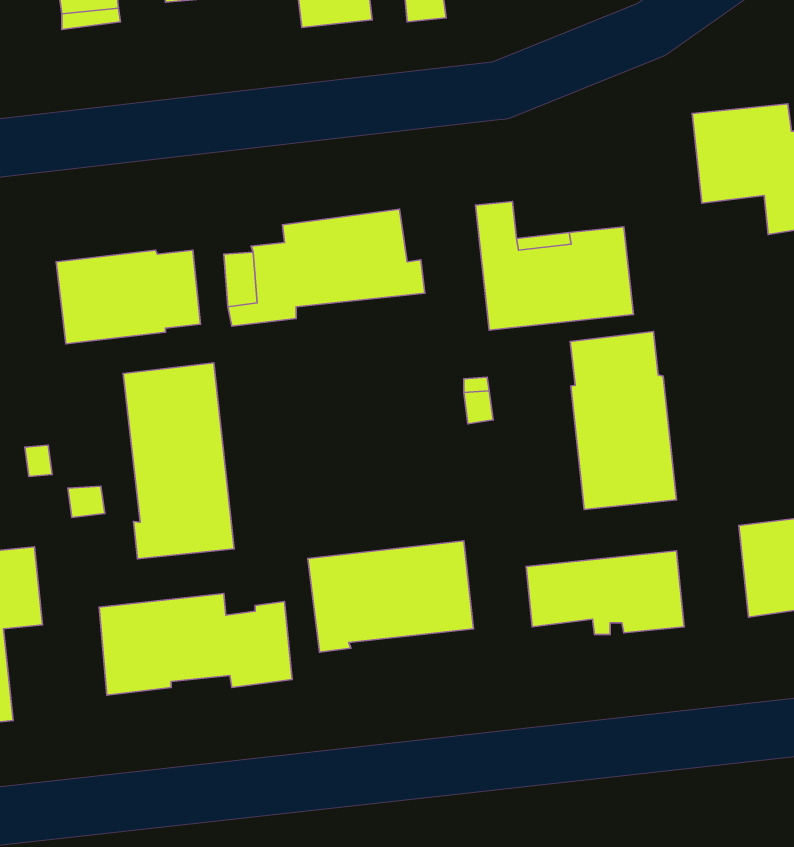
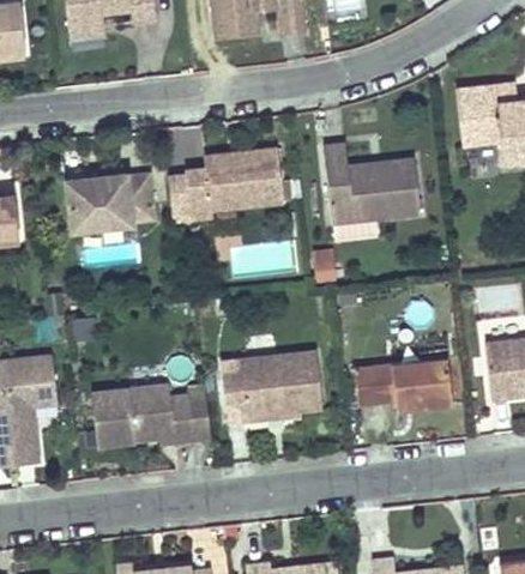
building: [570,331,676,510] -> none
building: [123,363,234,559] -> none

